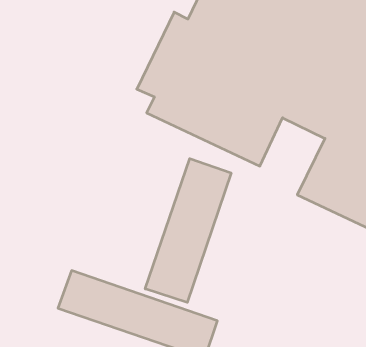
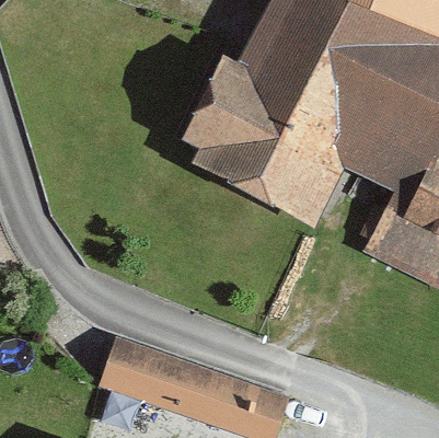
building: [145,159,231,302] -> none

